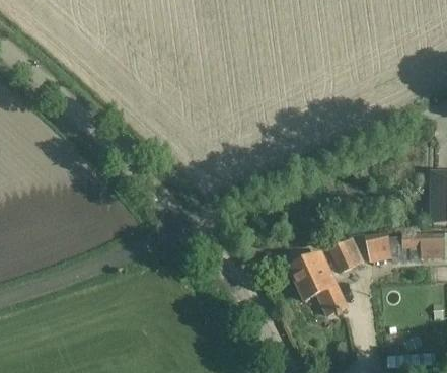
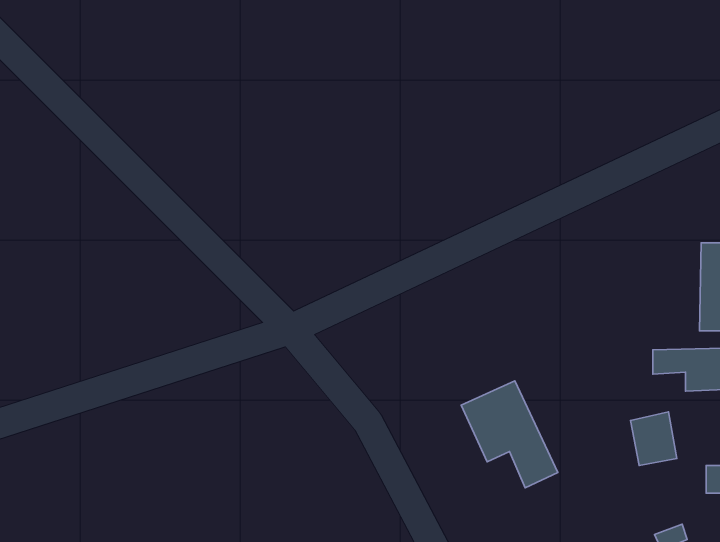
building: [364,230,391,262] -> [630,412,677,465]
building: [329,238,363,272] -> none

